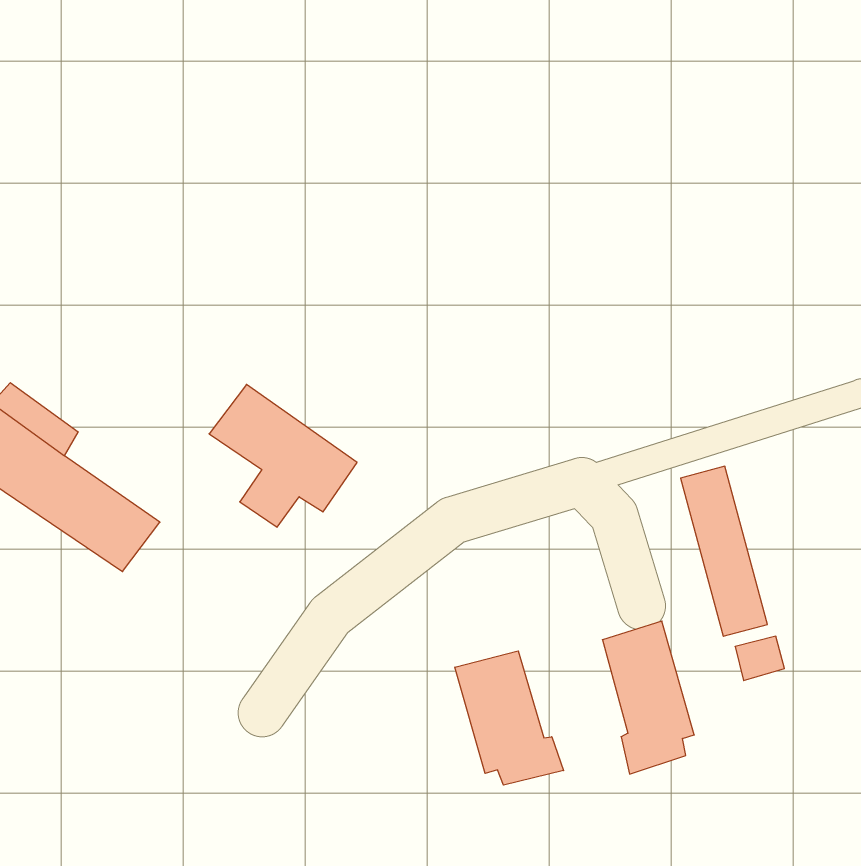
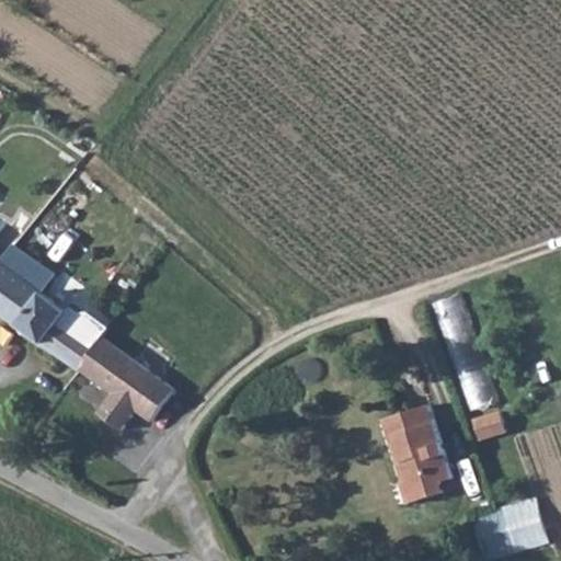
building: [209,384,357,527] -> [79,339,174,431]
building: [455,651,564,785] -> none
building: none -> [469,493,547,554]

